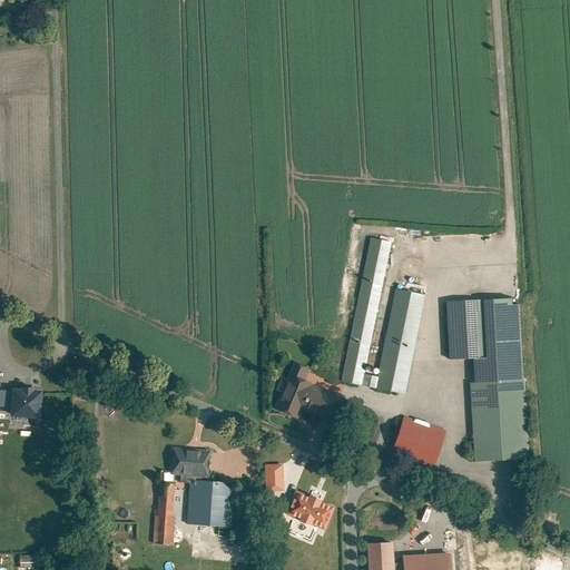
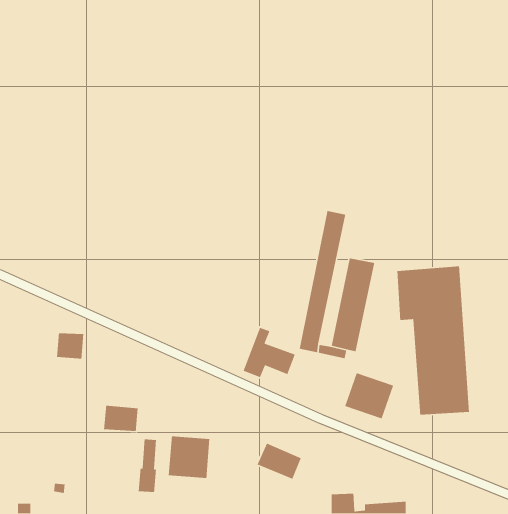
building: [16,392,47,422] -> [56,332,84,360]
building: [177,449,216,479] -> [103,405,139,432]
building: [272,464,289,491] -> none

